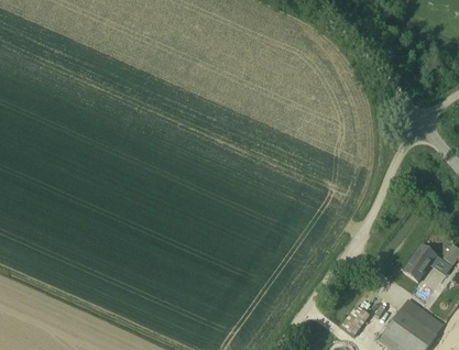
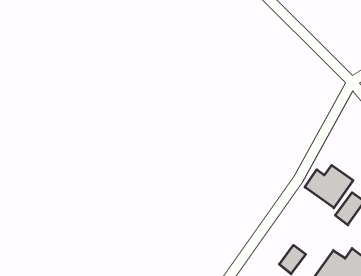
building: none -> [305,165,353,208]

